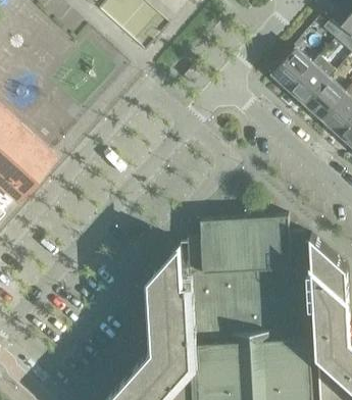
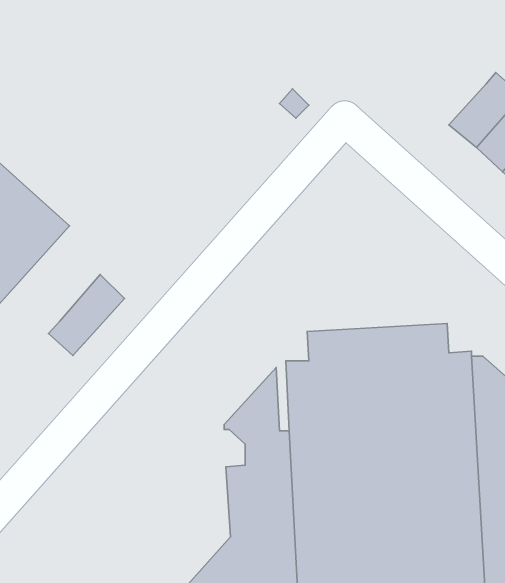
building: [272,52,313,93] -> none
building: none -> [49,275,125,356]

